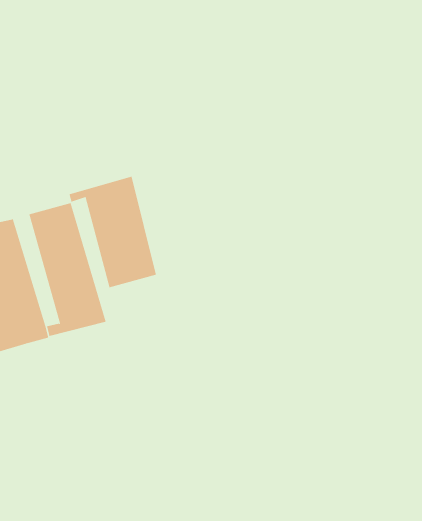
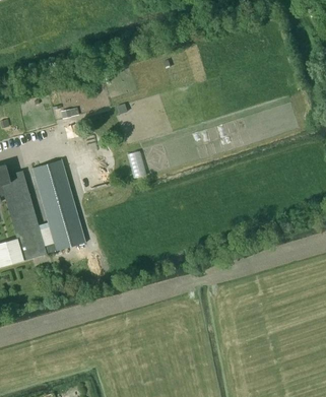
building: [69,176,156,288] -> none

